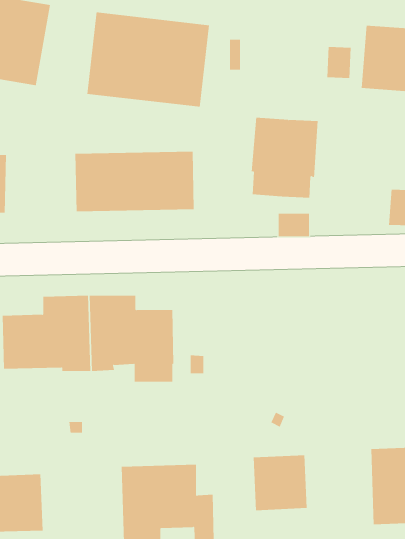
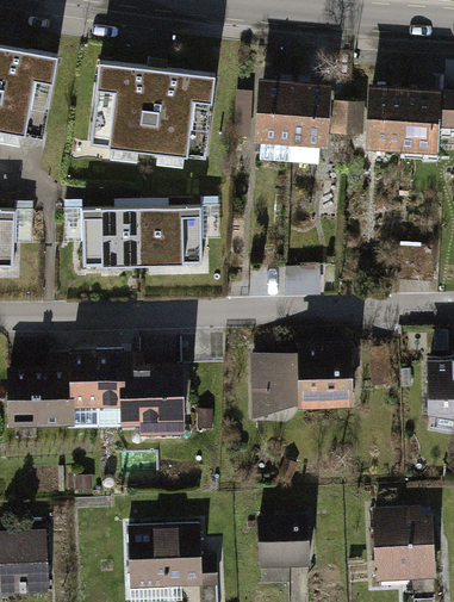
building: [251,117,318,198] -> [256,82,324,163]
building: none -> [251,346,350,416]

